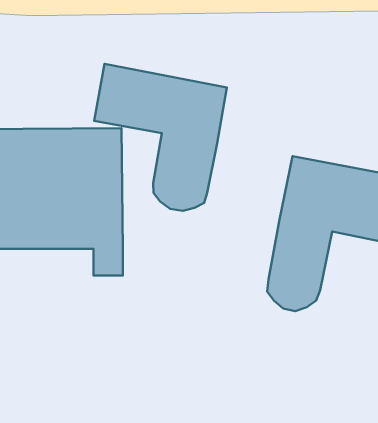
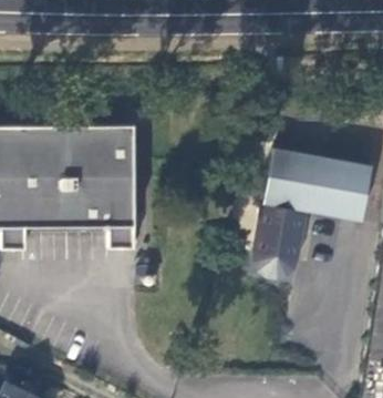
building: [94,64,227,211] -> none

